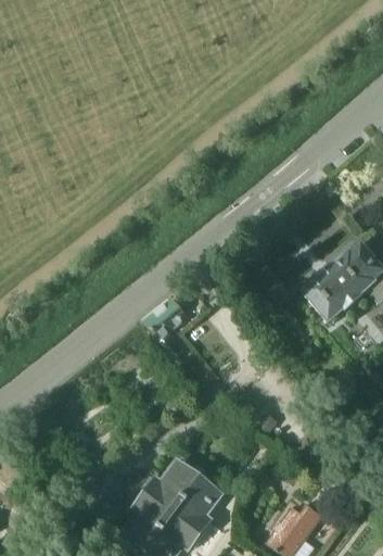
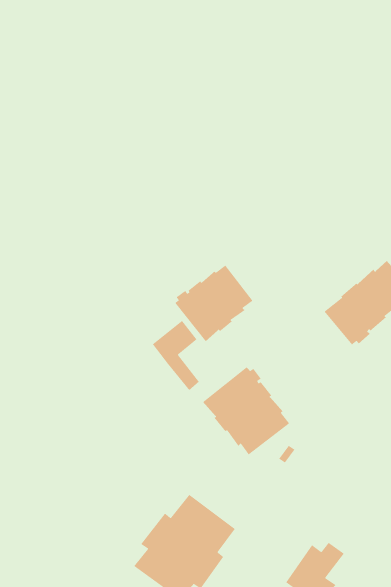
building: none -> [174,264,253,342]
building: none -> [202,367,290,455]

